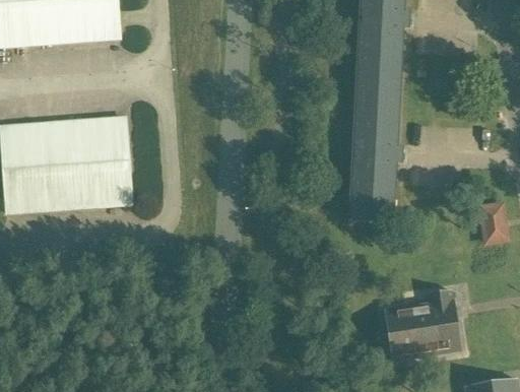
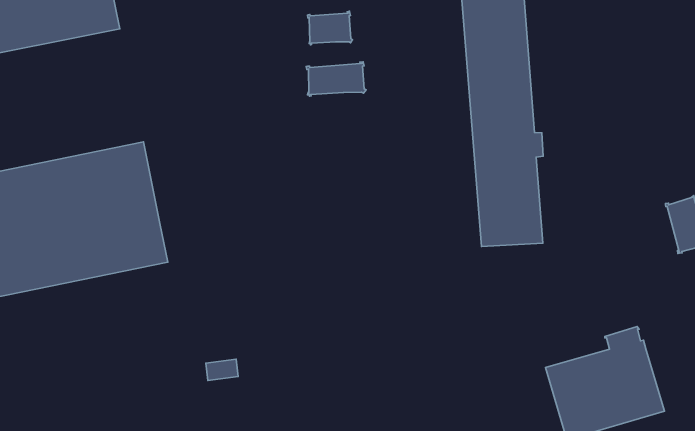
building: none -> [307,11,352,45]
building: none -> [306,62,366,96]

